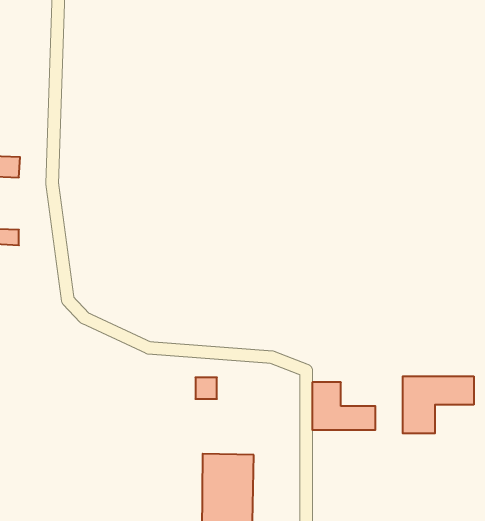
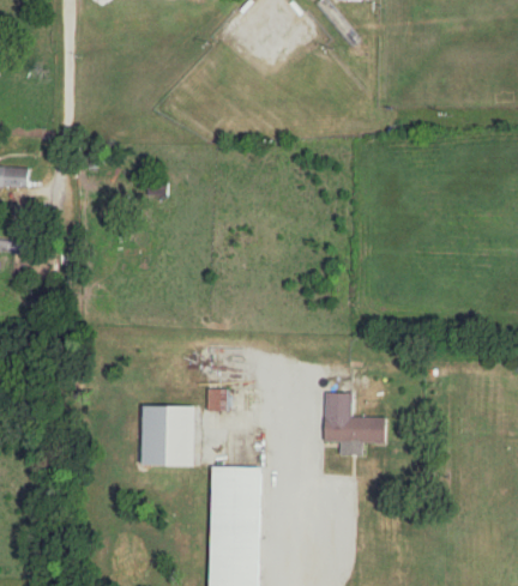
building: [403,376,474,433] -> none
building: none -> [139,406,197,467]

